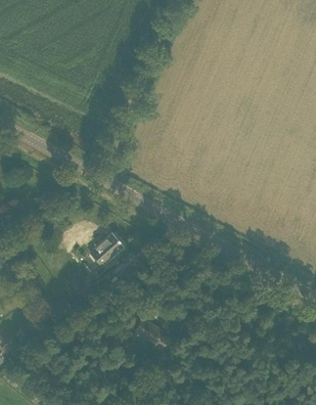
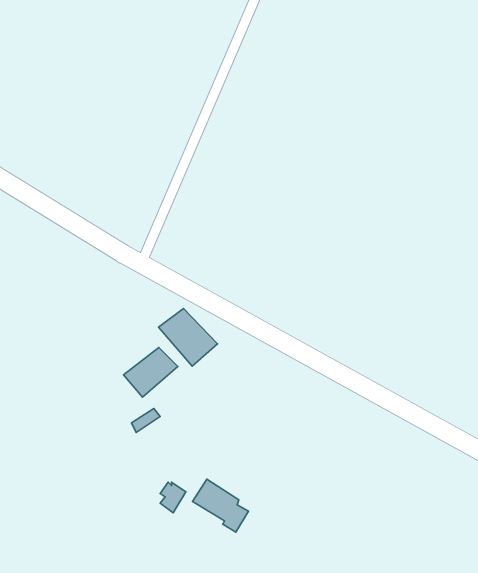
building: none -> [159,309,218,366]

